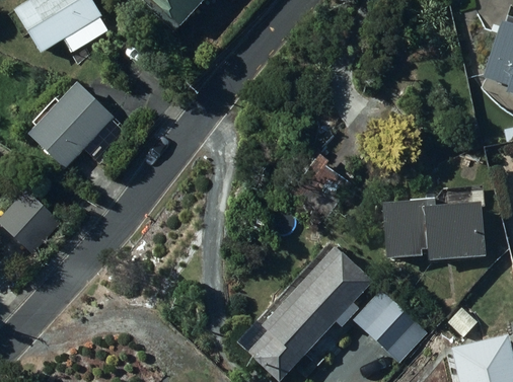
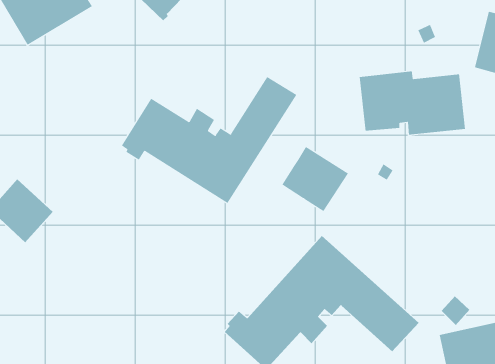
building: [25,82,114,170] -> none
building: none -> [121,76,297,204]
building: [379,198,487,262] -> [359,71,466,135]

